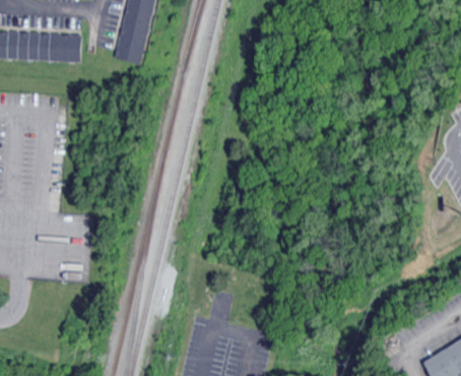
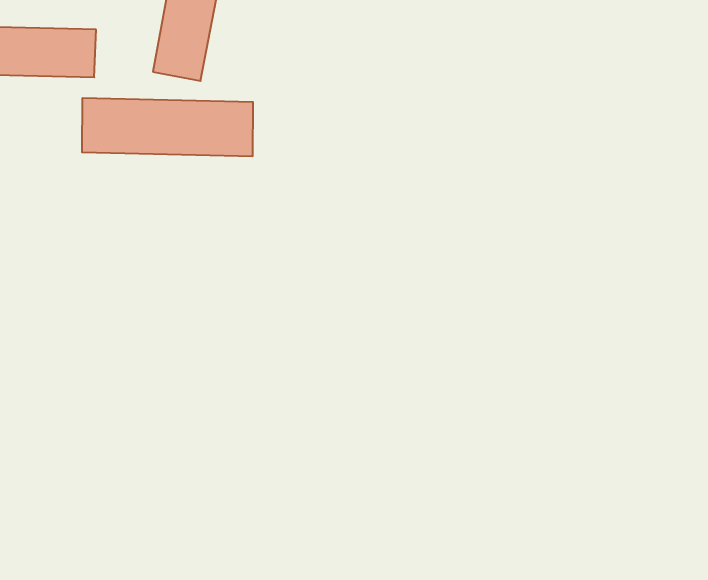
building: none -> [82,98,253,156]

